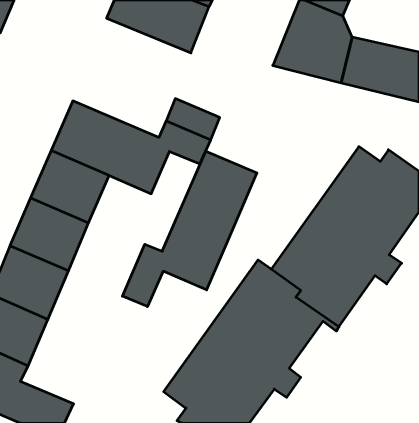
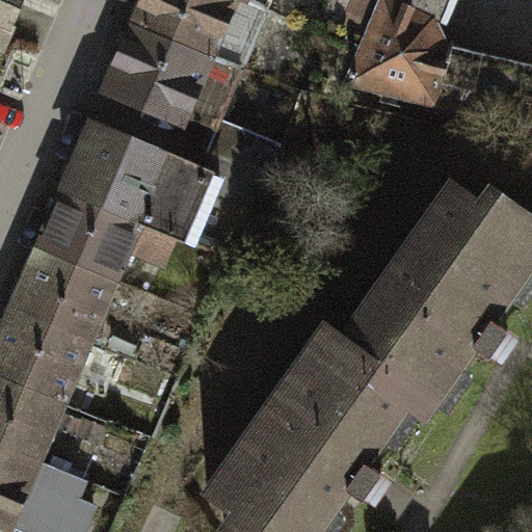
building: none -> [107,23,240,130]
building: [122,151,257,307] -> none

